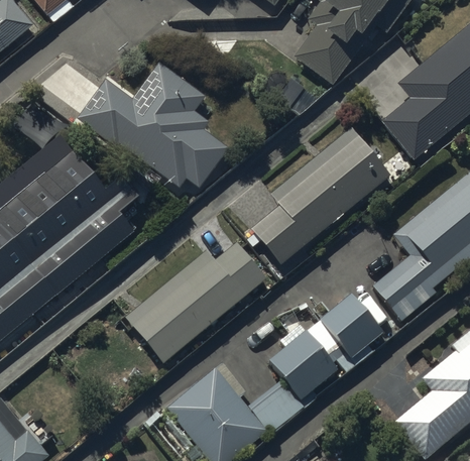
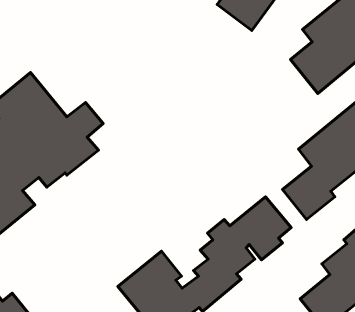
building: [75,61,229,189] -> none
building: [250,126,390,263] -> none
building: [123,239,267,363] -> none

